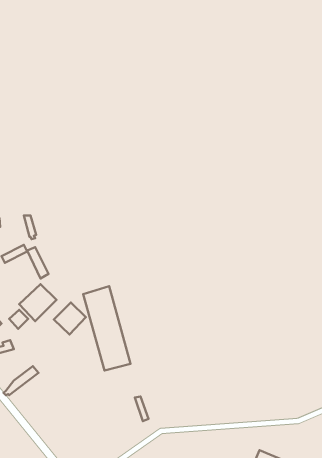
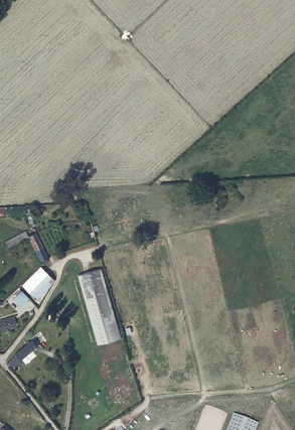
building: [54,302,86,334] -> none

